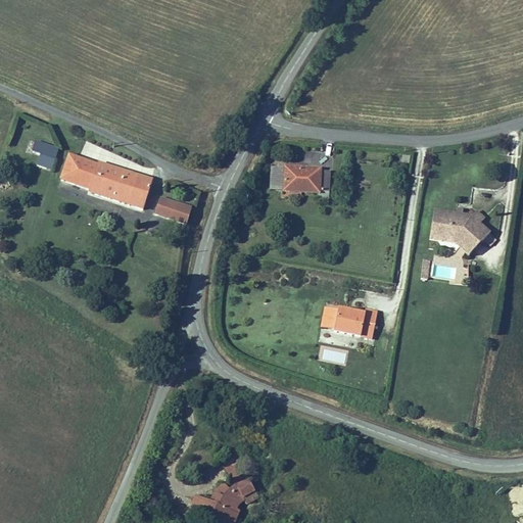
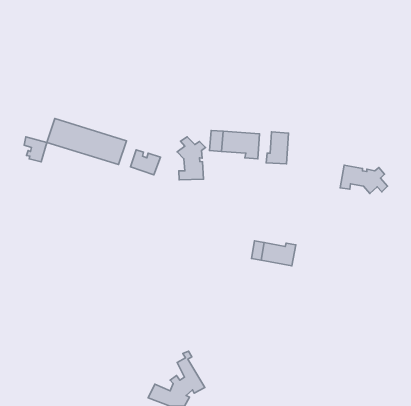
building: [31,139,59,171] -> [24,137,47,162]
building: none -> [266,132,288,164]
building: none -> [177,137,205,180]
building: [443,233,484,256] -> none

